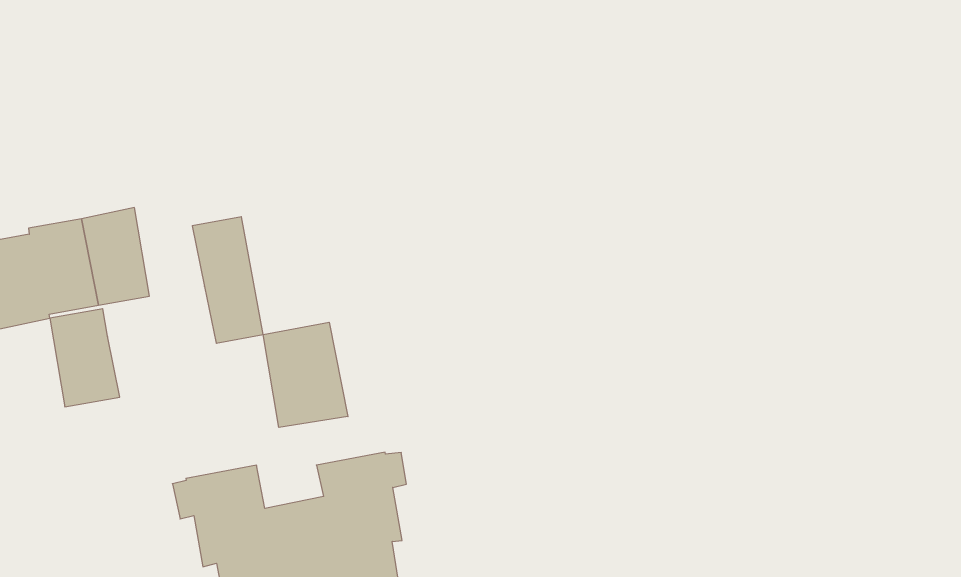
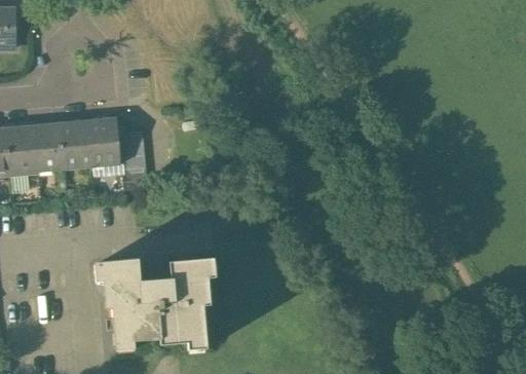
building: [50,309,120,407] -> [89,118,121,166]
building: [263,322,348,427] -> none

